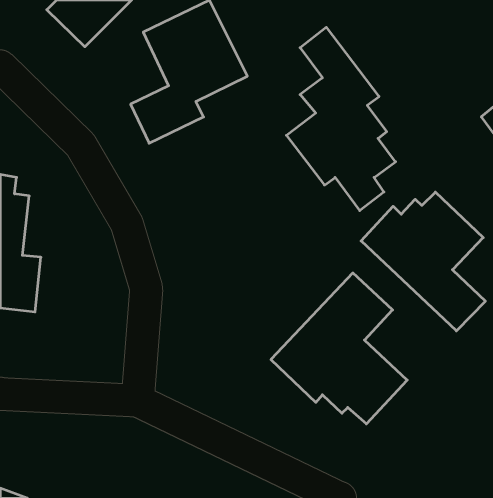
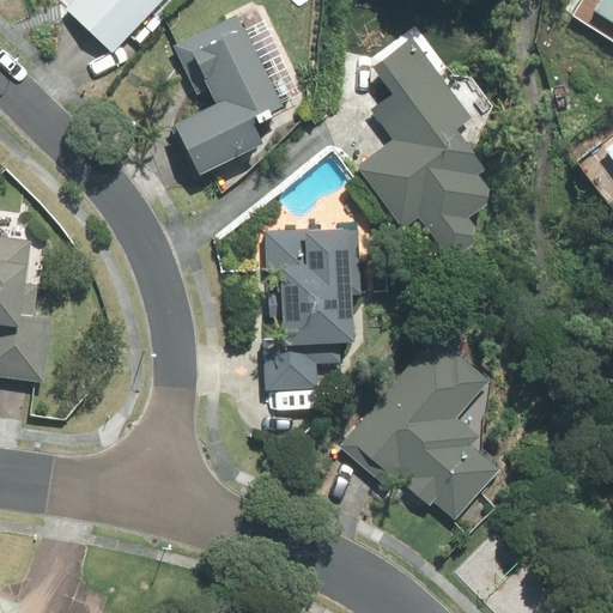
building: none -> [262,230,347,387]
building: [361,192,485,331] -> none

